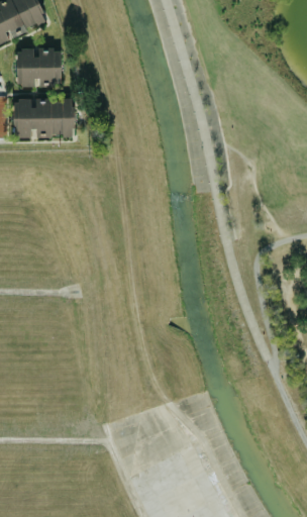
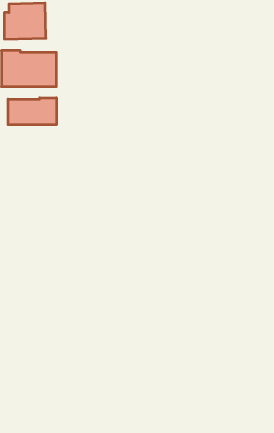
building: none -> [8,98,56,125]

